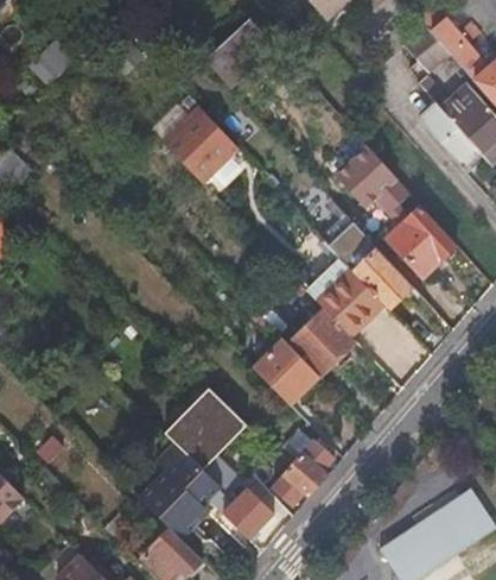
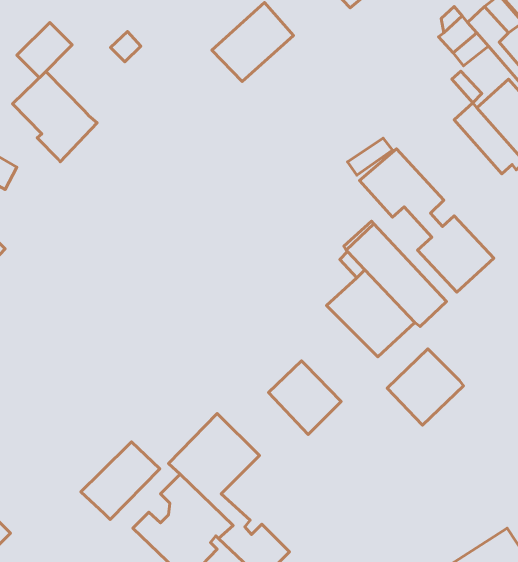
building: none -> [12,71,97,162]
building: [163,106,239,182] -> none
building: [287,307,356,376] -> [387,349,463,425]
building: none -> [81,442,160,520]
building: [272,439,333,503] -> none

